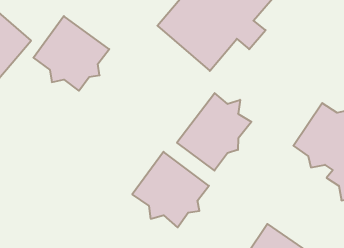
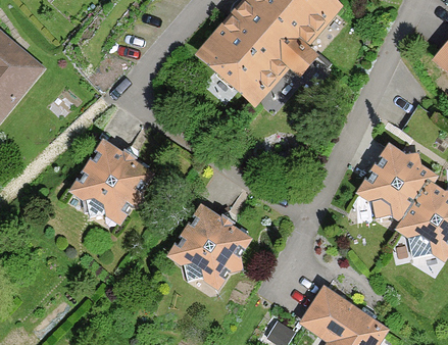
building: [33,16,109,91] -> [64,136,153,224]
building: [177,93,251,171] -> none

